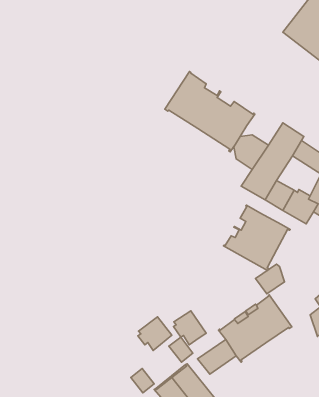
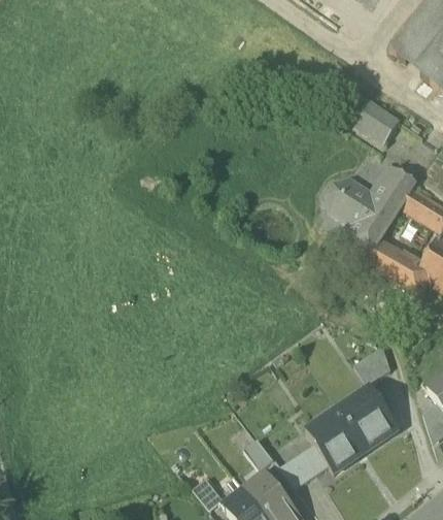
building: [165,71,255,152] -> none
building: none -> [354,100,401,144]
building: [224,205,290,270] -> none
building: [174,311,206,345] -> none
building: [138,317,172,350] -> none

